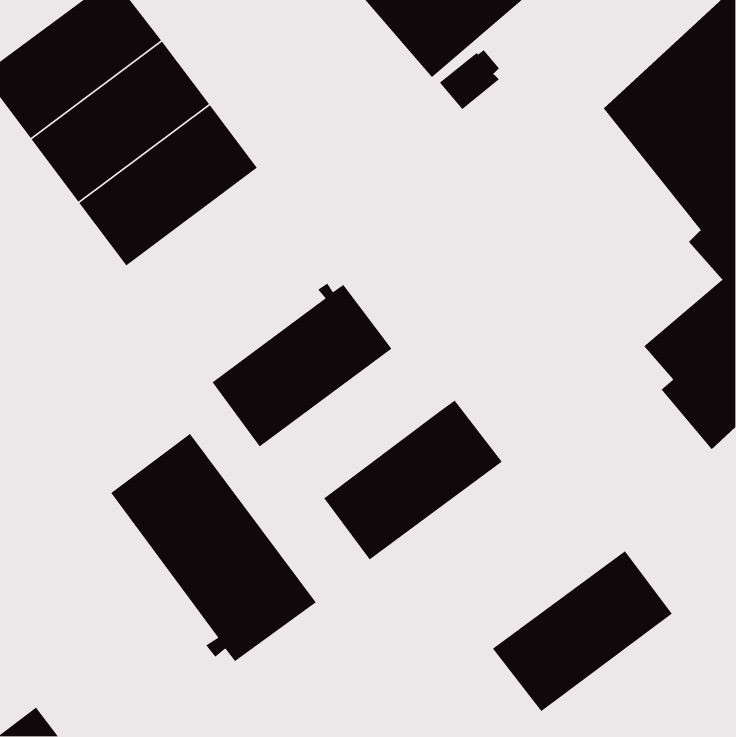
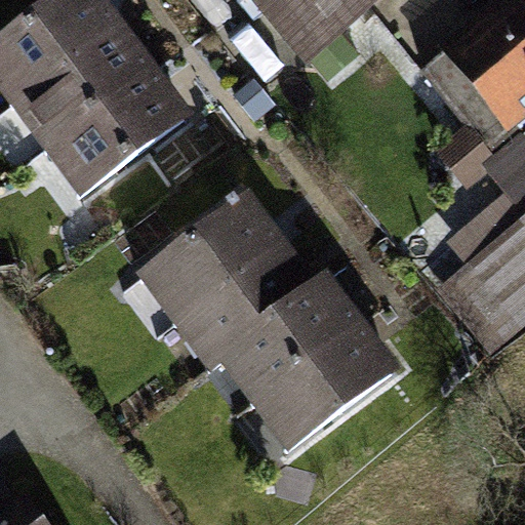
building: none -> [184,247,311,361]
building: [110,433,317,662] -> none
building: [492,550,673,712] -> [261,327,390,442]

